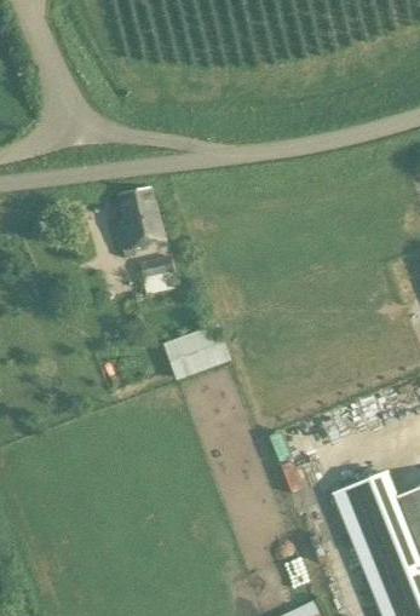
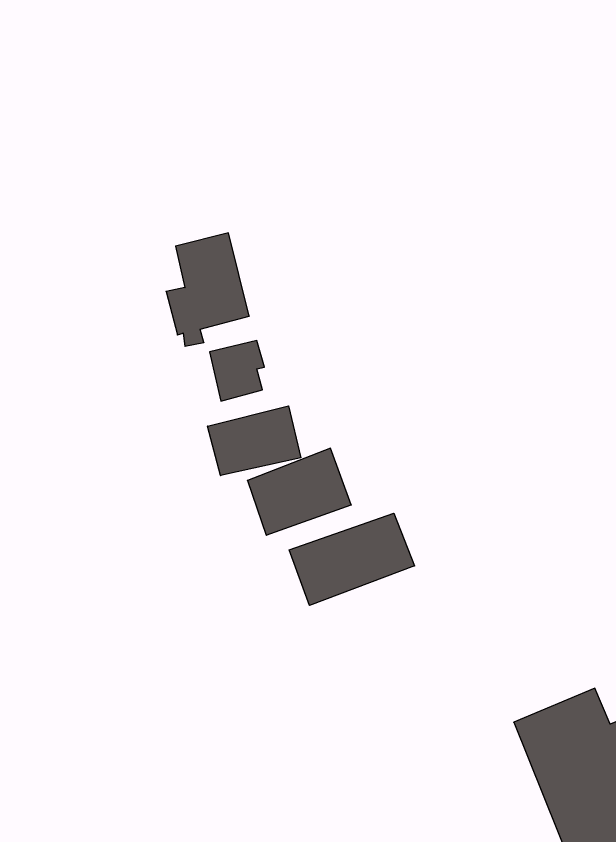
building: none -> [208,406,301,476]
building: none -> [289,513,415,605]

